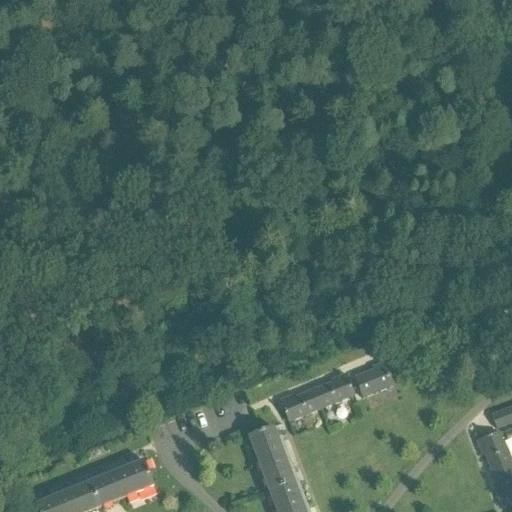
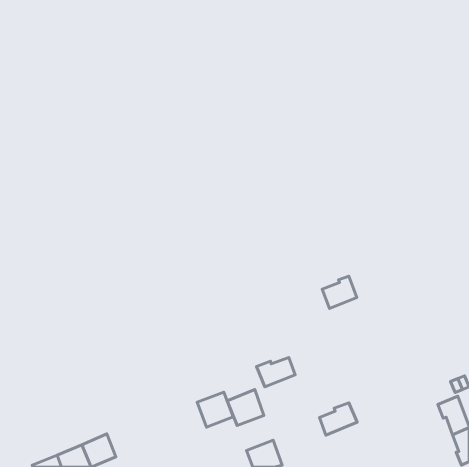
building: [354,361,392,396] -> [322,276,357,308]
building: [314,372,355,407] -> [319,403,357,435]
building: [258,451,297,489] -> [197,392,233,427]
building: [116,460,153,496] -> none

